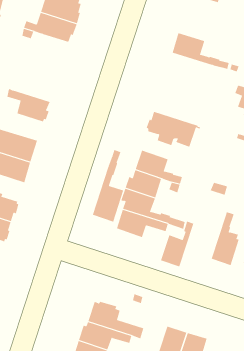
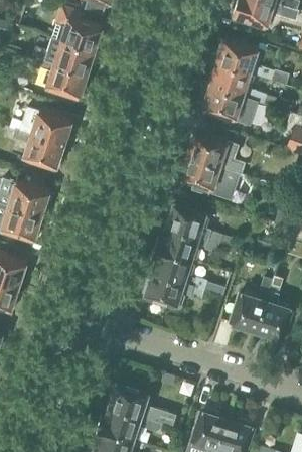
building: none -> [216,39,290,86]
building: none -> [46,64,87,99]
building: none -> [201,87,258,125]
building: none -> [9,107,73,145]
building: none -> [187,133,244,173]
building: [92,149,124,222] -> none
building: [160,221,194,267] -> [233,277,273,332]

